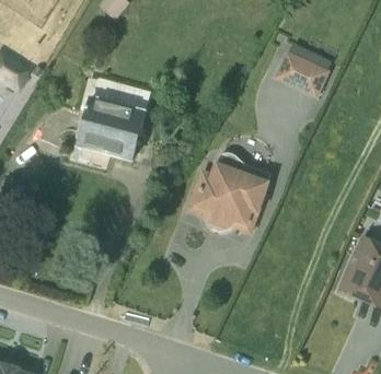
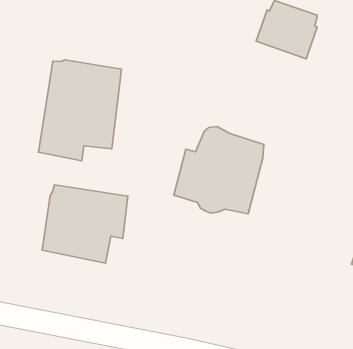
building: none -> [42,185,128,263]

